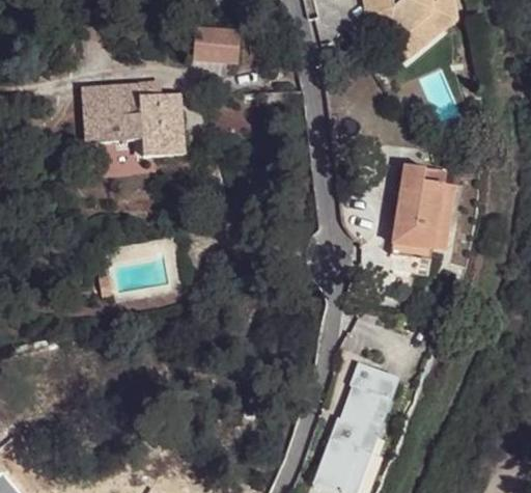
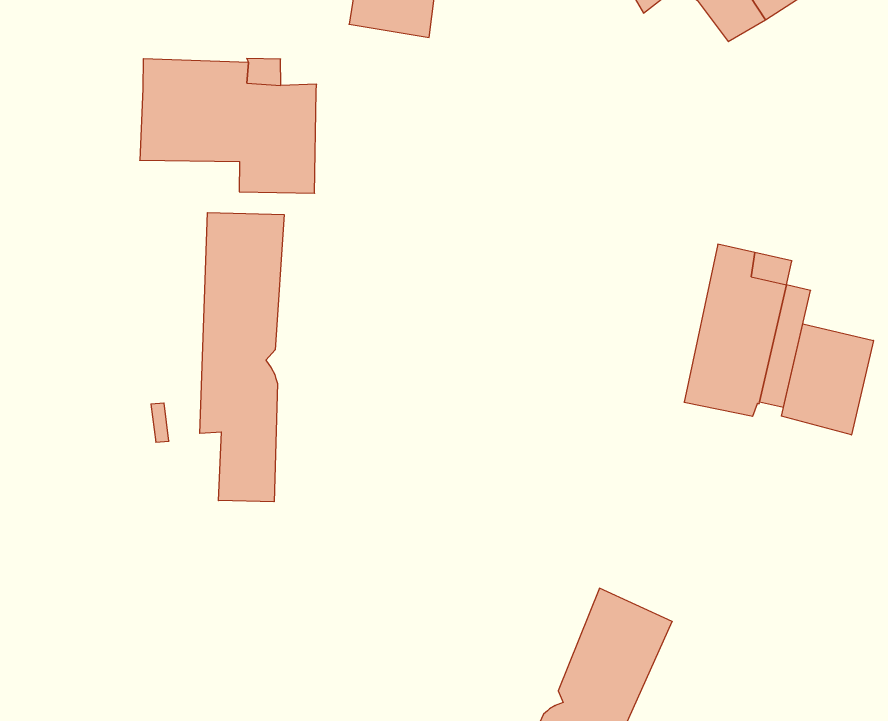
building: none -> [200,213,284,502]
building: none -> [782,324,873,435]

